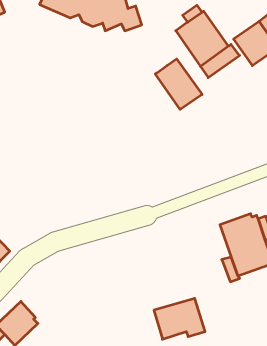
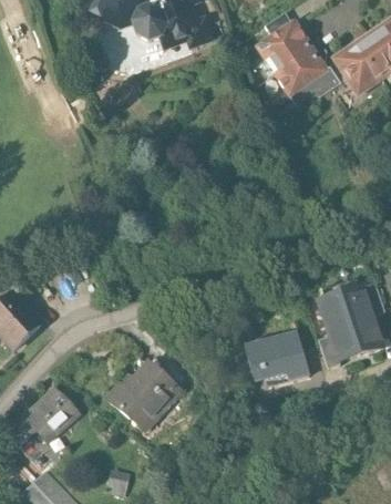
building: [155,59,202,109] -> none
building: none -> [109,370,177,441]
building: [154,298,205,339] -> [245,331,311,384]

